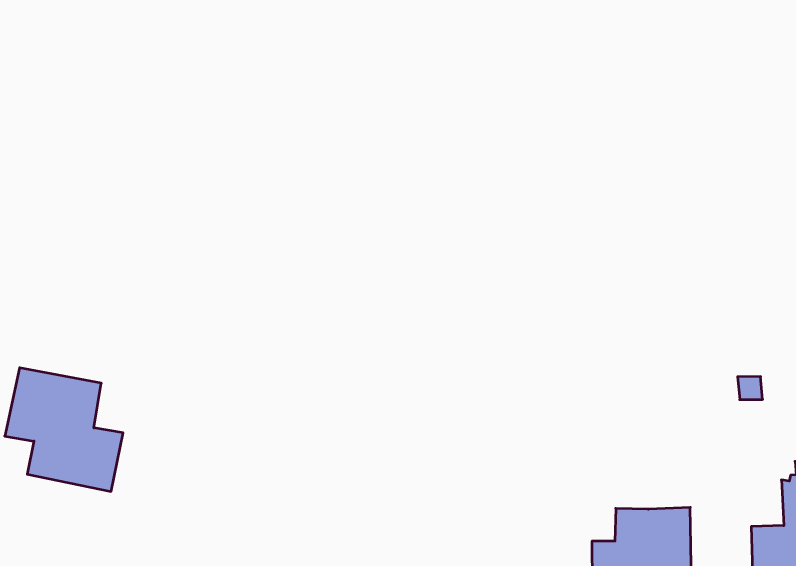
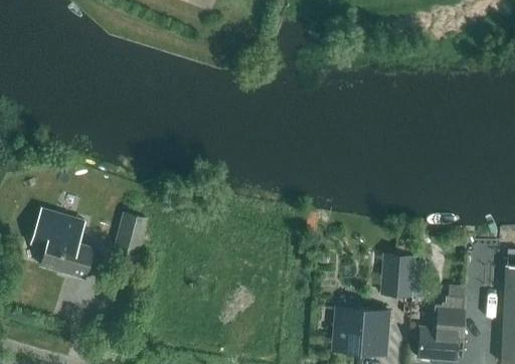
building: none -> [113,212,147,257]
building: none -> [382,253,413,296]

